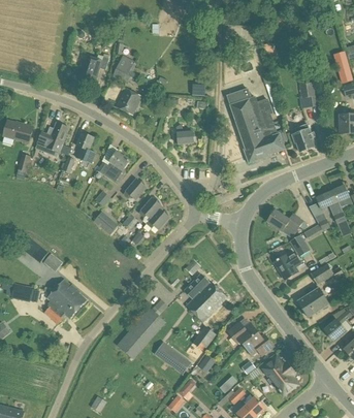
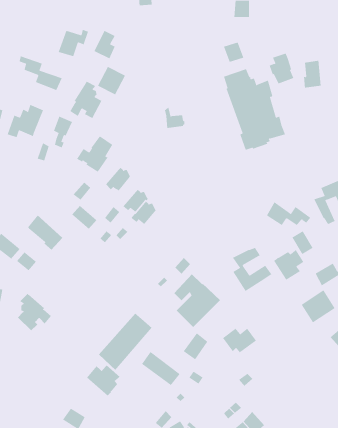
building: none -> [19,56,62,91]
building: none -> [69,81,102,119]
building: [291,123,314,151] -> [269,53,294,84]
building: none -> [232,247,272,292]
building: [54,279,86,311] -> [27,215,63,250]
building: [243,332,273,355] -> none
building: none -> [86,365,121,397]
building: [262,356,297,394] -> none

